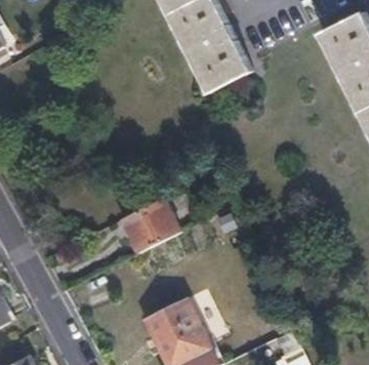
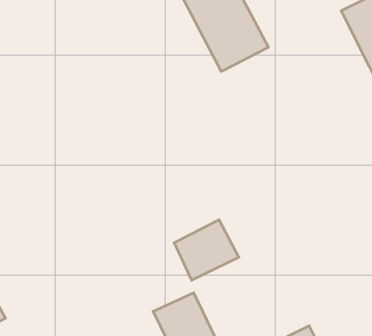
building: [120,197,180,253] -> [174,220,239,280]

